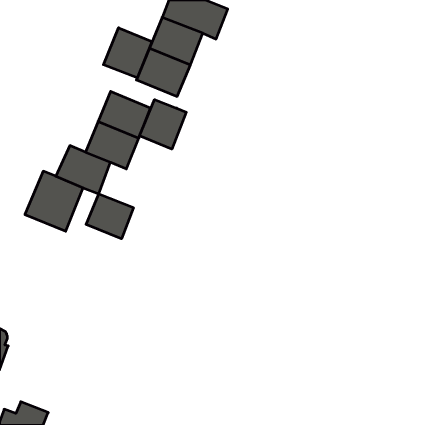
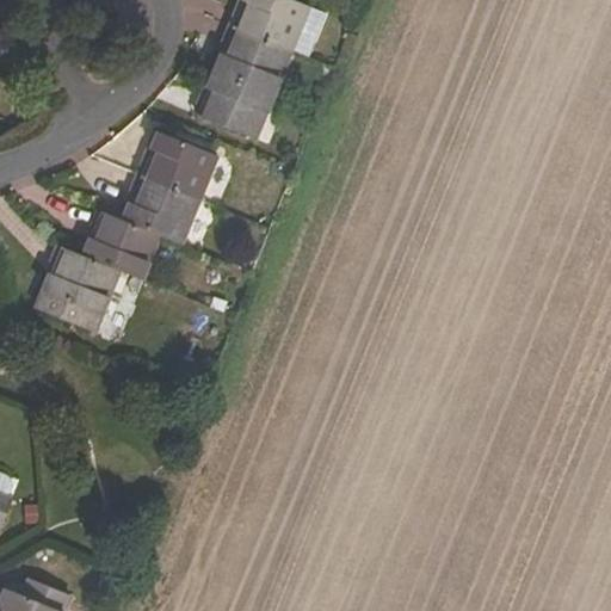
building: [103,28,152,78] -> none
building: [140,100,186,149] -> none
building: [86,194,133,239] -> none

